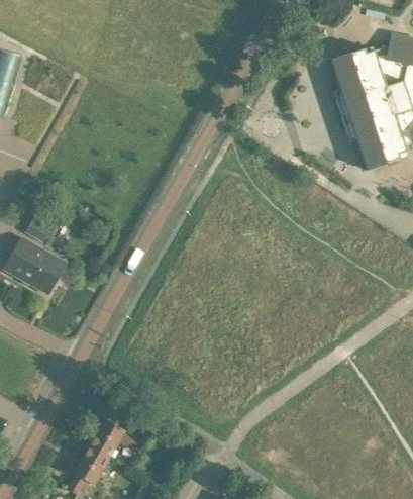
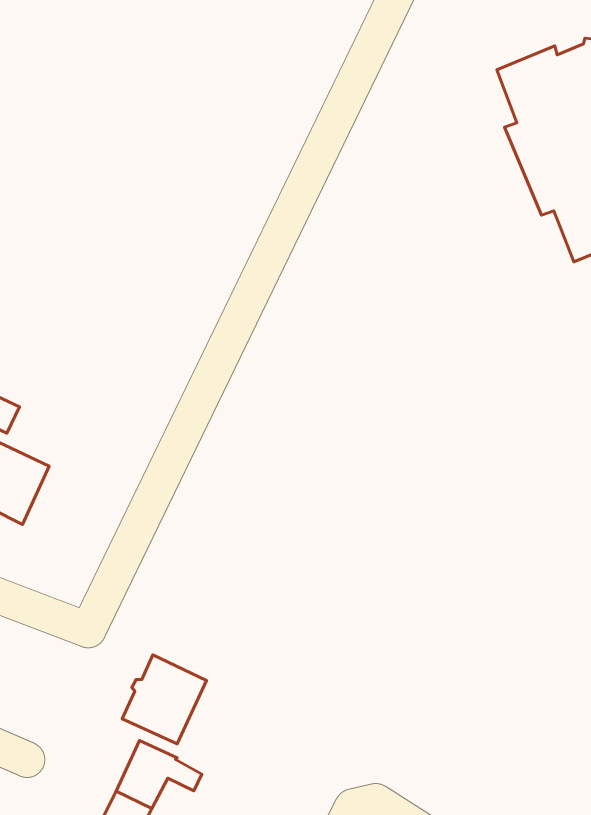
building: none -> [122,655,207,744]

